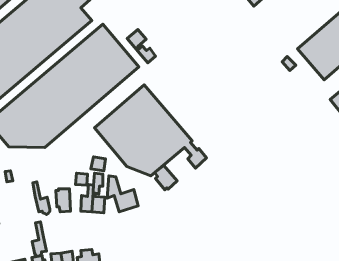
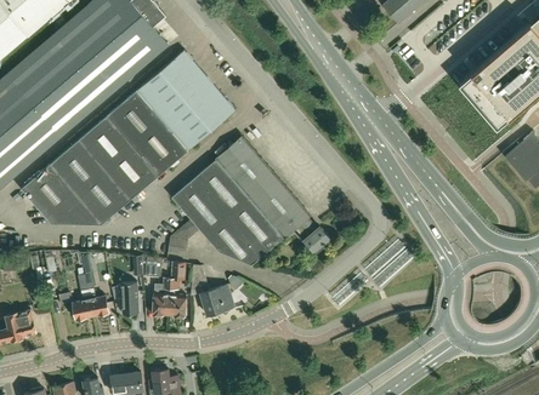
building: [127,29,155,63] -> none
building: [155,165,177,190] -> none
building: [32,222,47,256] -> [73,274,93,322]

